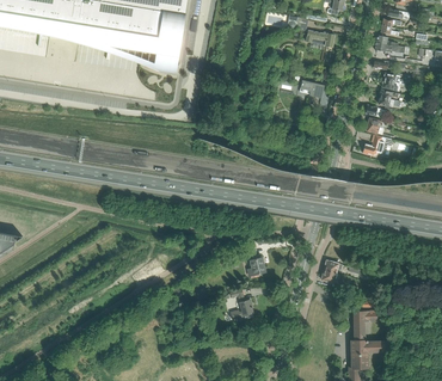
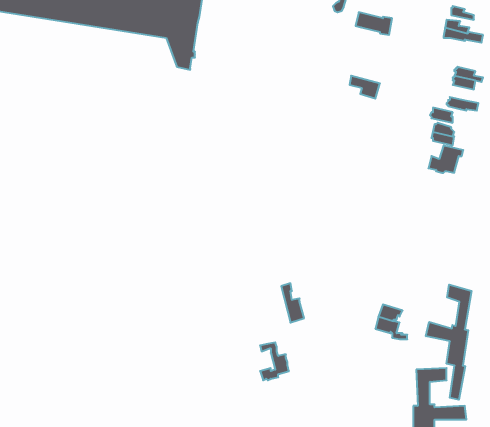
building: none -> [426,285,472,400]

